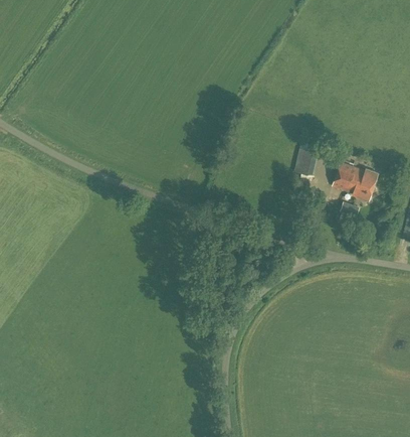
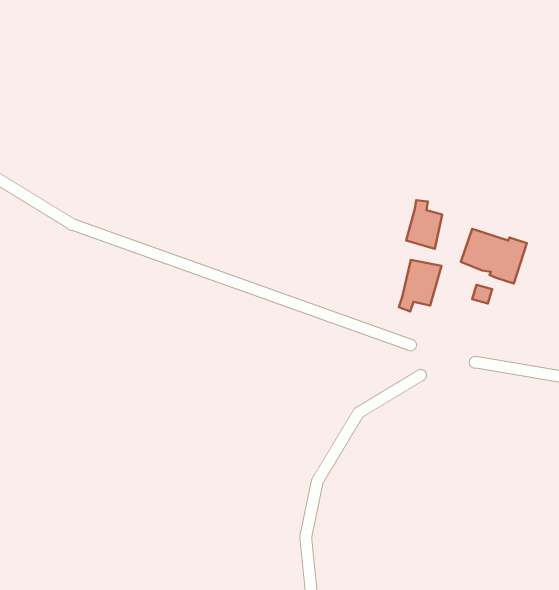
building: none -> [399,260,441,312]

